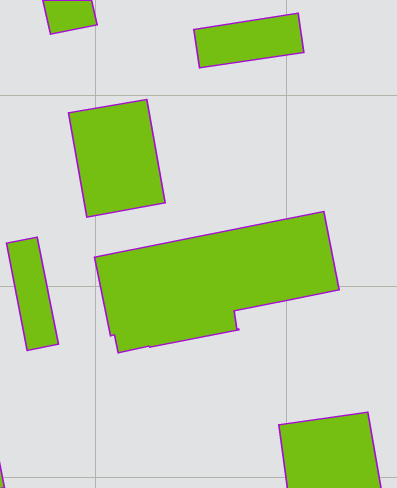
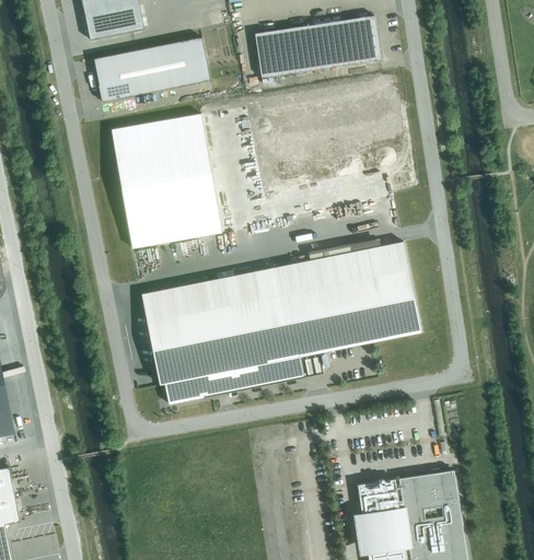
building: none -> [93,37,209,102]
building: [6,237,58,350] -> none

